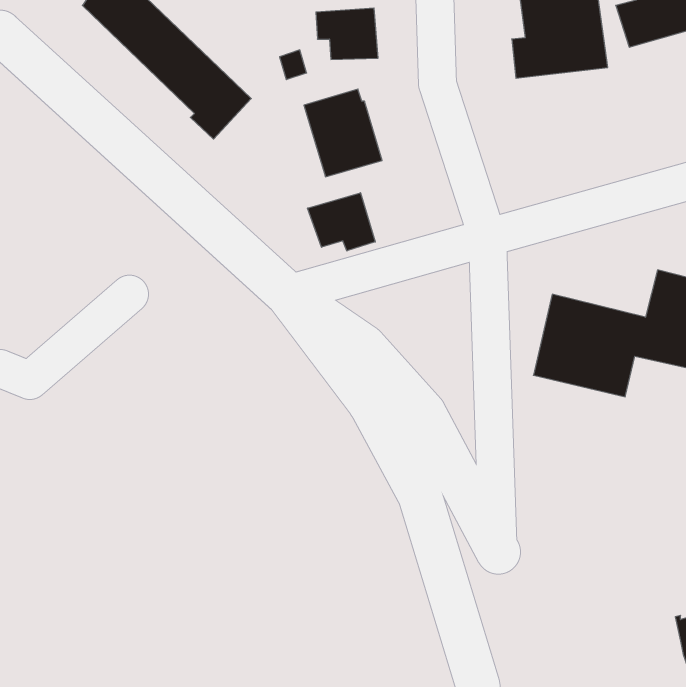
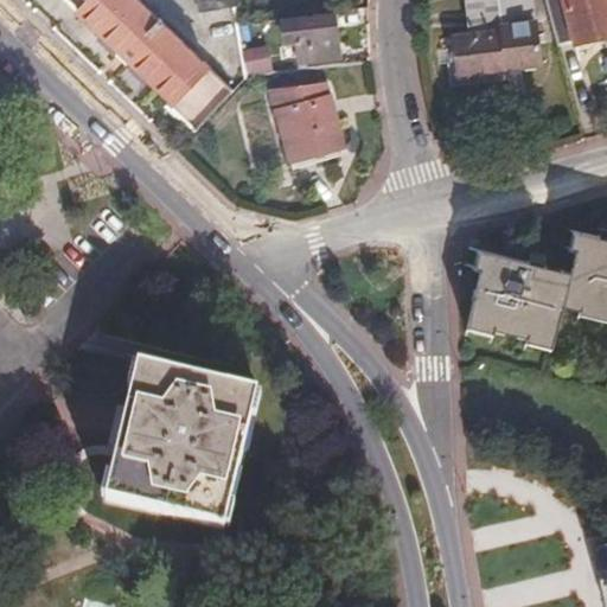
building: [308,193,375,251] -> none
building: none -> [107,360,256,523]

